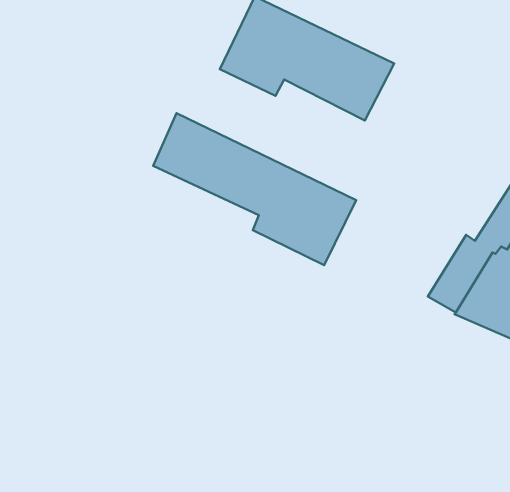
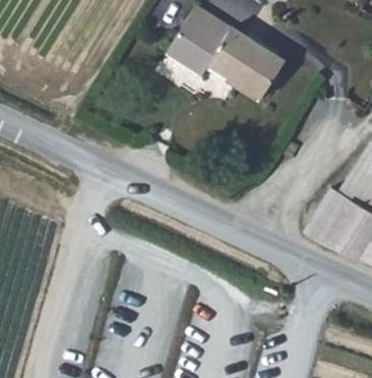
building: [153,113,356,265] -> none

